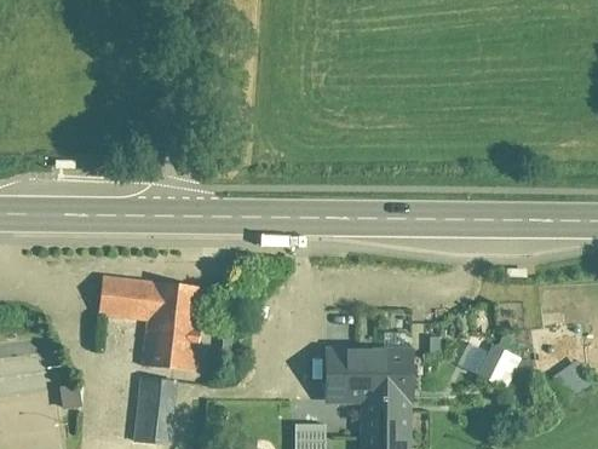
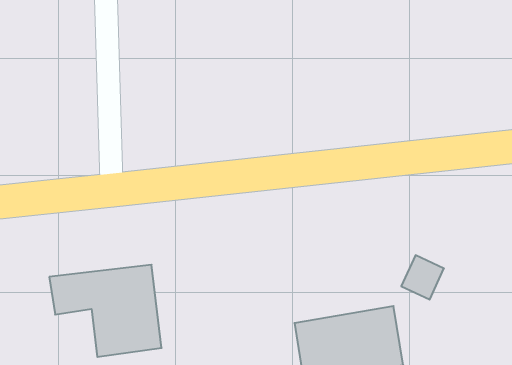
building: [473,342,516,386] -> [401,255,444,300]

